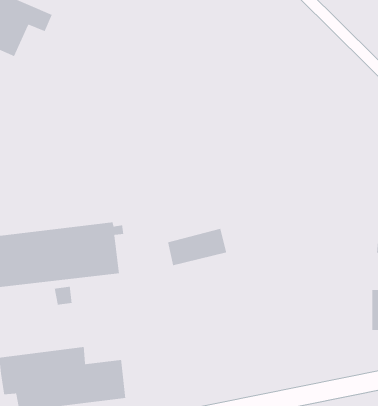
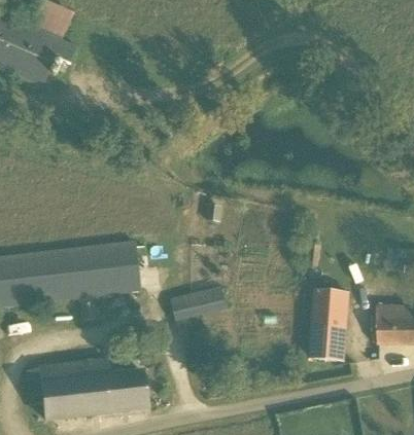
building: [167,228,227,266] -> [168,286,225,322]
building: none -> [311,291,348,361]

